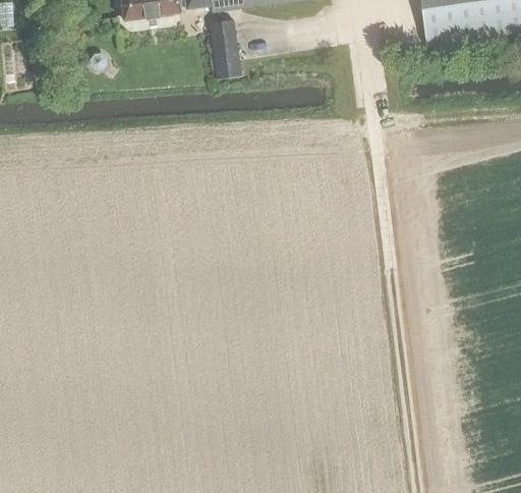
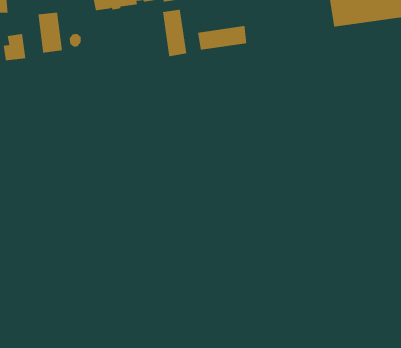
building: none -> [38,12,63,53]
building: none -> [198,25,247,50]

